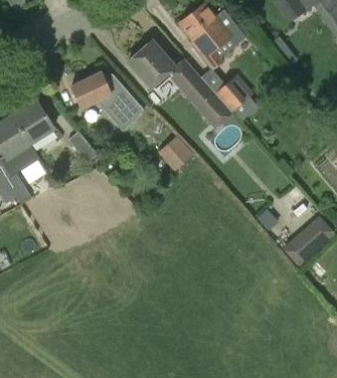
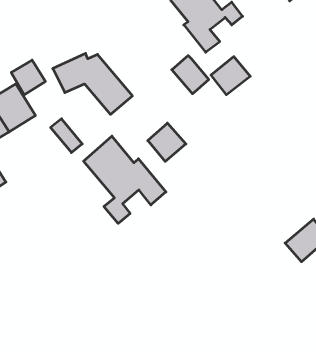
building: [128,40,175,87] -> none
building: none -> [11,60,45,95]
building: none -> [84,136,166,223]

